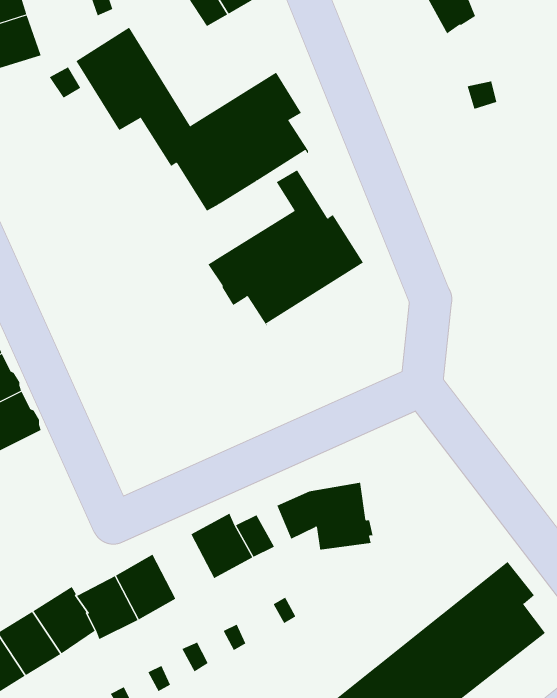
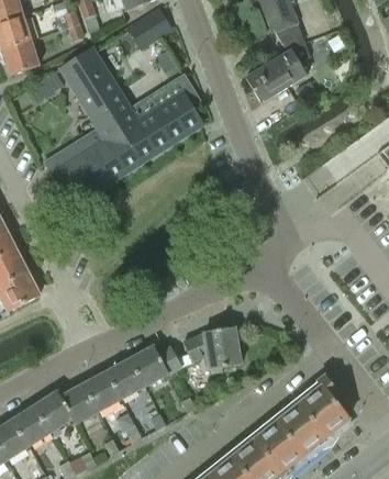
building: none -> [246,42,311,103]
building: [208,169,364,327] -> [45,104,141,201]
building: none -> [108,359,145,399]

